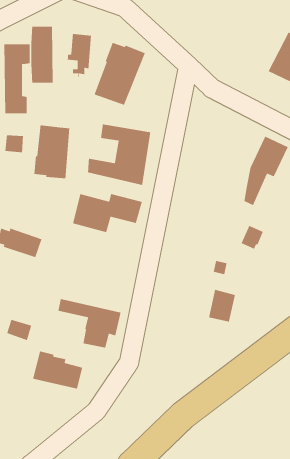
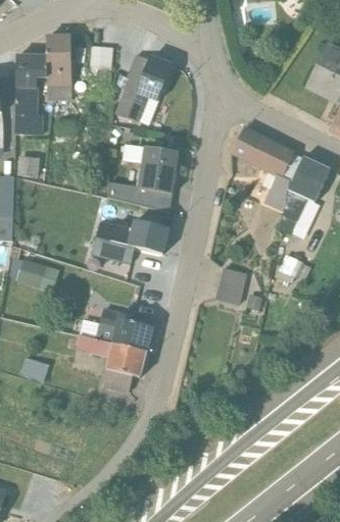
building: none -> [231,126,302,211]
building: [33,124,70,179] -> none
building: [208,289,236,322] -> [215,266,246,303]
building: [32,350,83,390] -> [96,307,152,350]

